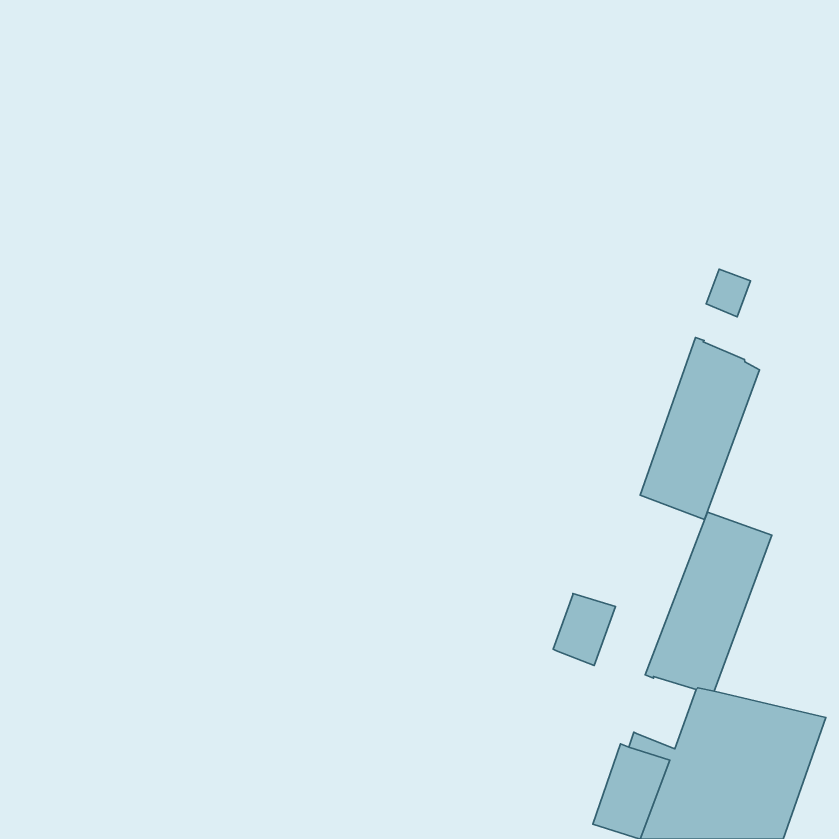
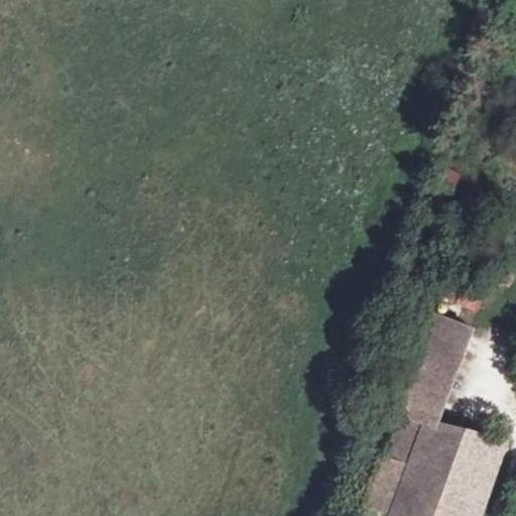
building: [640,338,760,519] -> none
building: [553,593,616,666] -> [389,415,427,460]

